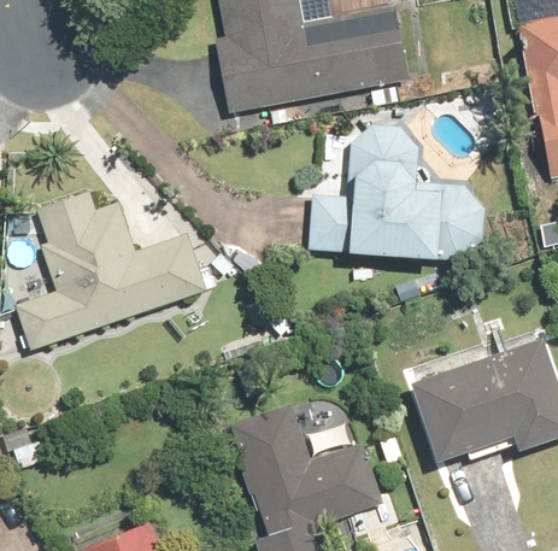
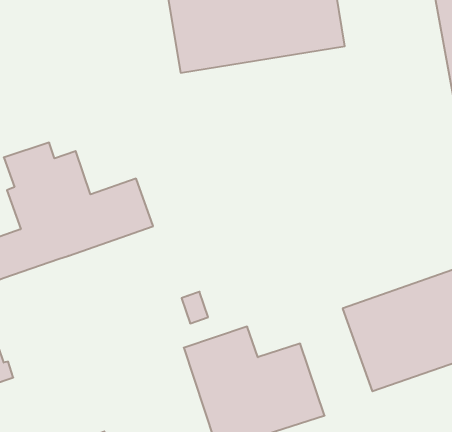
building: [309,123,495,259] -> none

